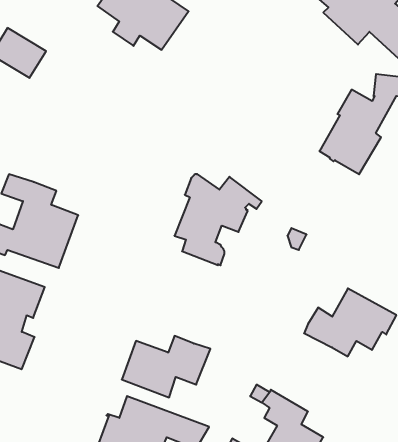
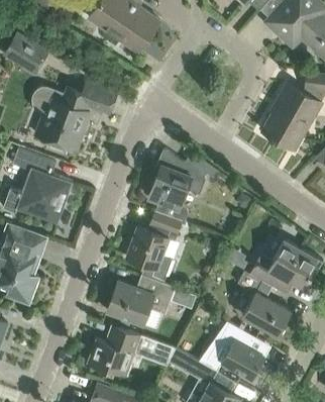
building: none -> [33,81,118,148]
building: none -> [126,210,183,283]
building: none -> [238,272,291,335]

